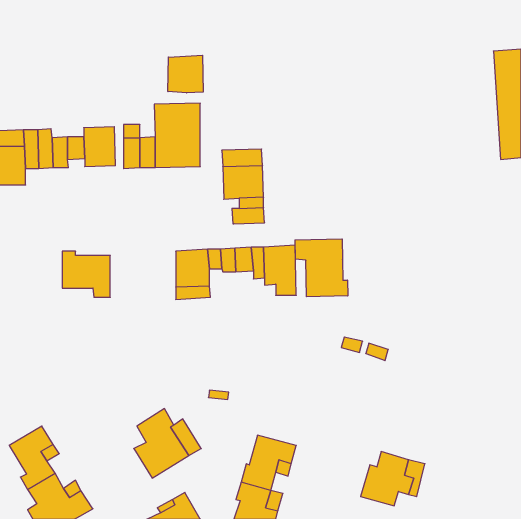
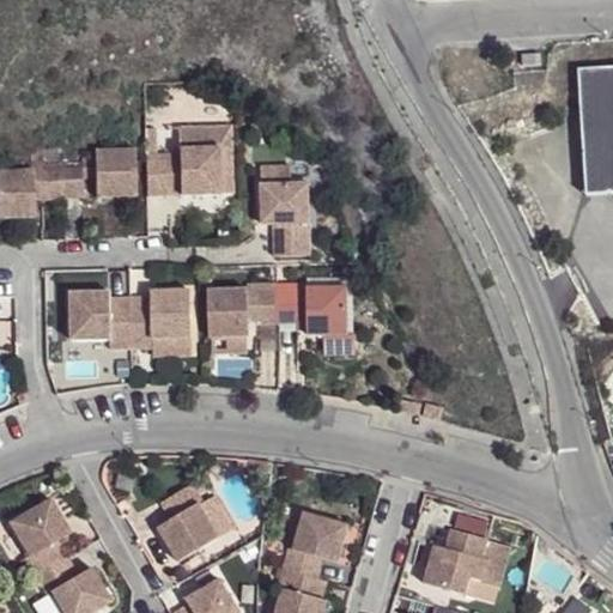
building: [168,55,203,93] -> none
building: [295,239,348,297] -> none
building: none -> [129,292,186,348]

